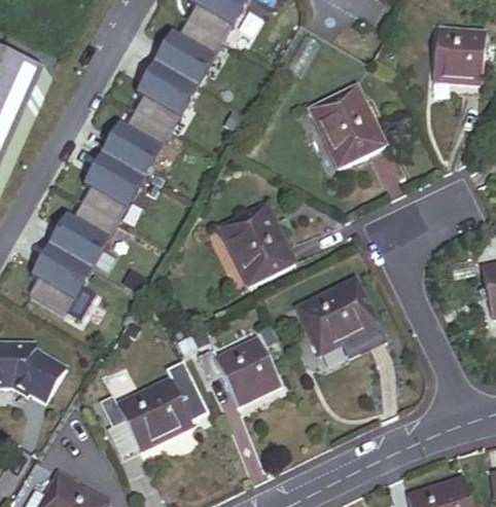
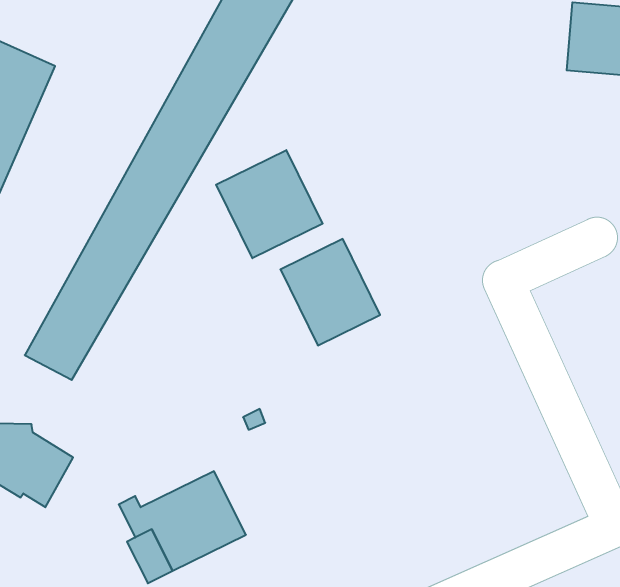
building: [310,86,384,167] -> none
building: none -> [216,150,323,258]
building: [298,280,378,354] -> none
building: [198,337,281,405] -> none

